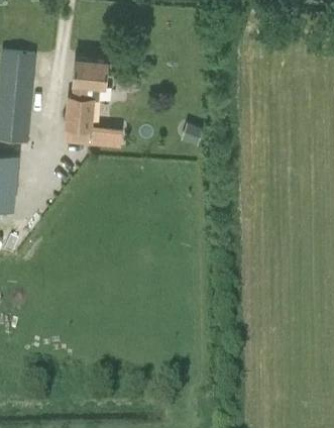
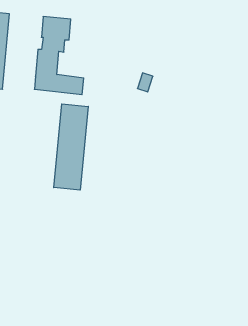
building: none -> [54,104,88,190]

